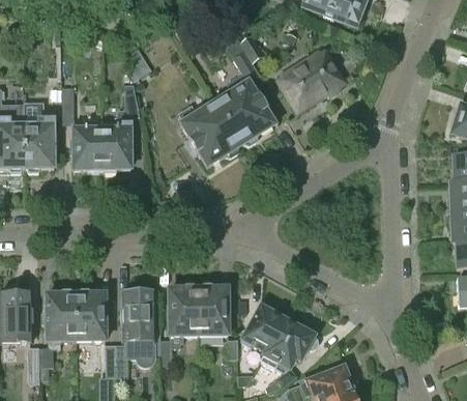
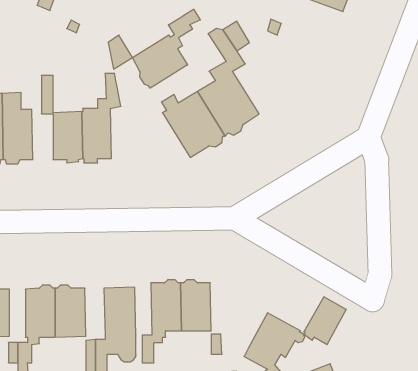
building: none -> [132,9,200,88]
building: [279,49,344,110] -> none
building: [241,305,283,351] -> [304,297,346,345]

